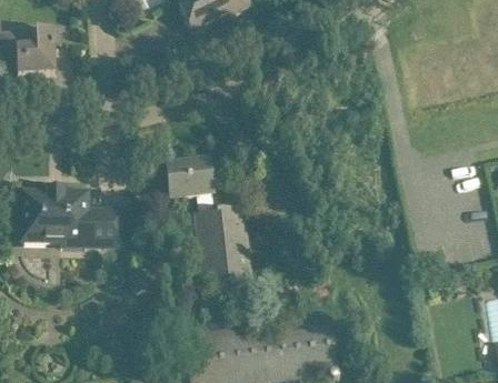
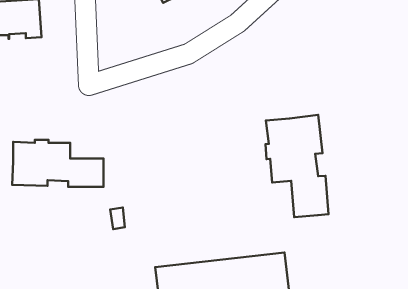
building: none -> [265,115,329,217]
building: [166,161,250,285] -> none

